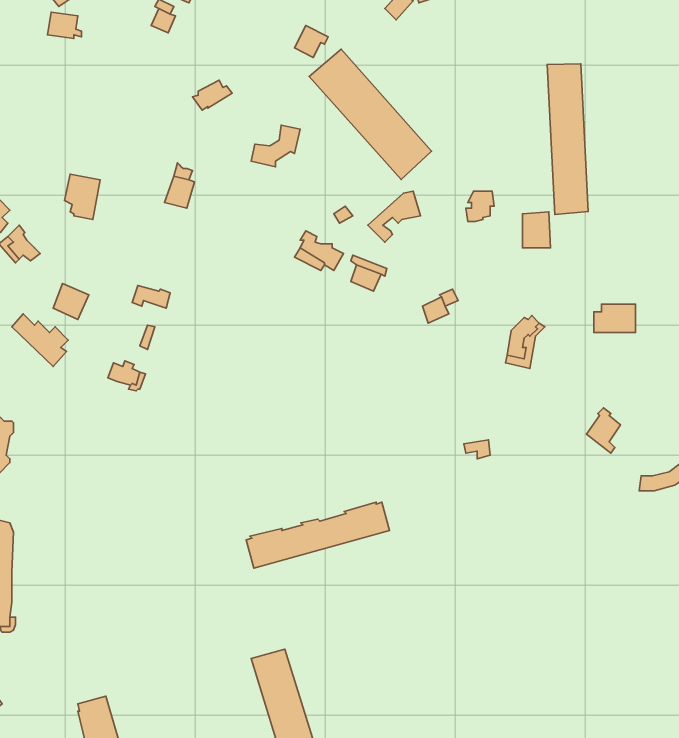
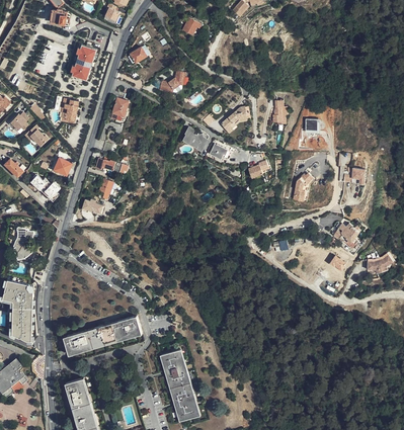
building: [309,49,431,180] -> none
building: [547,64,588,214] -> none
building: none -> [71,45,96,79]
building: [246,502,389,568] -> [64,317,141,352]

